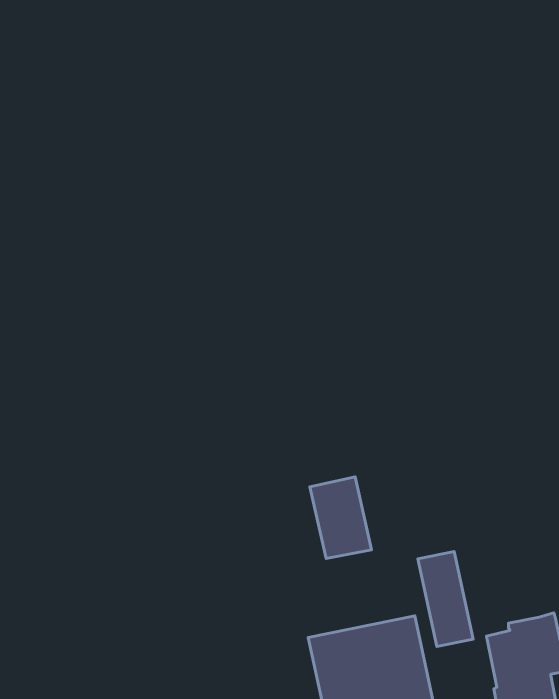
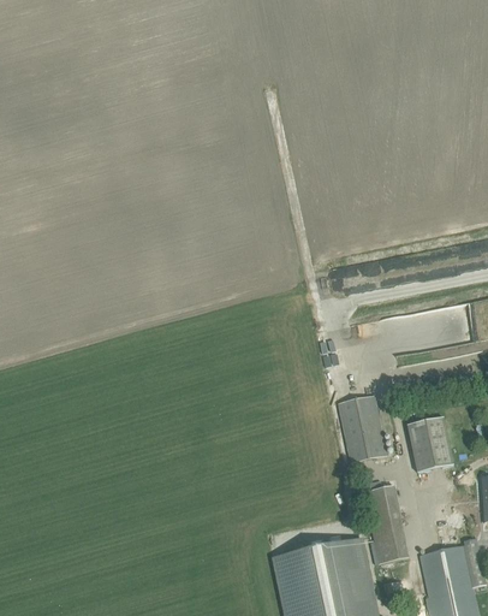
building: none -> [405,417,452,473]
building: [310,477,371,559] -> [335,396,386,463]

